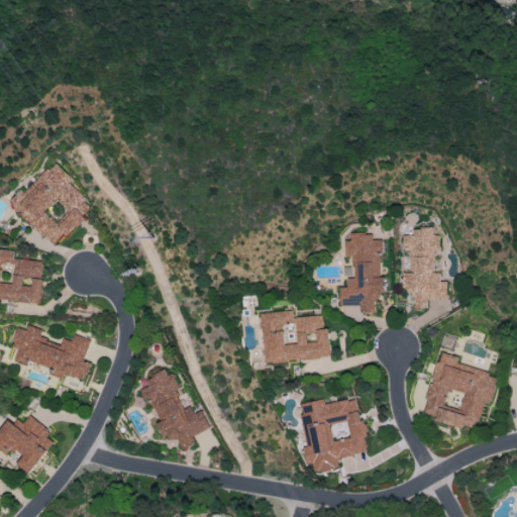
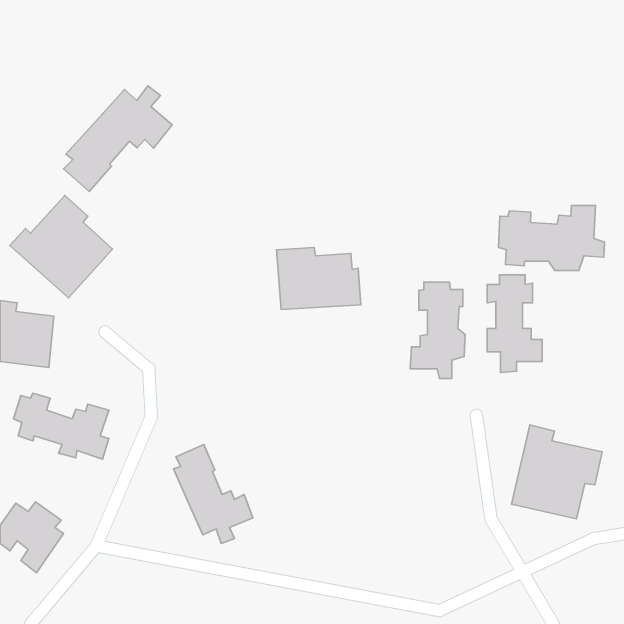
building: none -> [64,86,172,192]
building: none -> [498,206,605,271]
building: [261,310,330,361] -> [276,247,361,310]
building: [299,398,369,473] -> none

